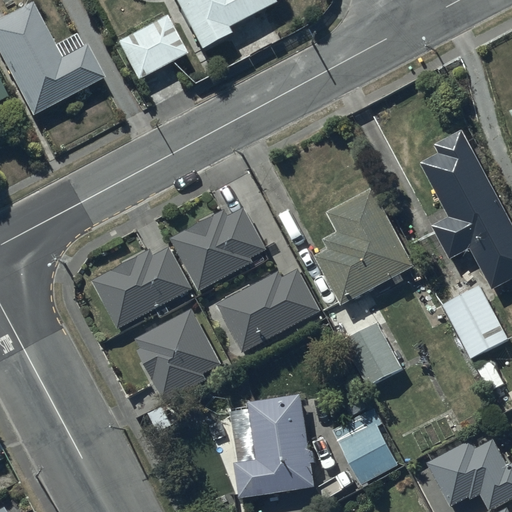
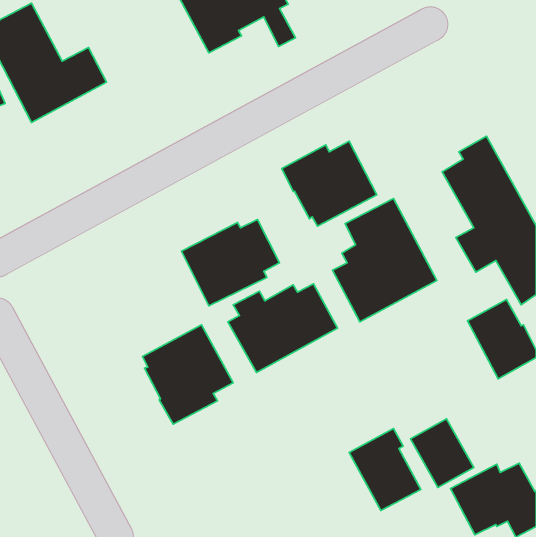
building: [112,12,186,81] -> none
building: none -> [282,141,377,226]
building: [91,246,192,329] -> none
building: [342,322,402,387] -> [411,419,474,487]
building: [228,394,313,496] -> none

